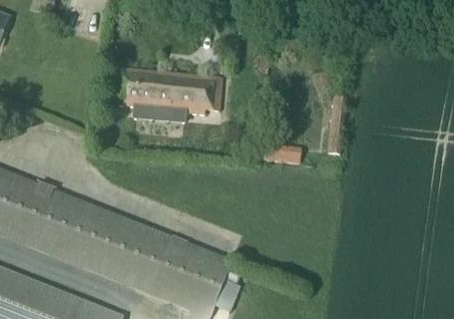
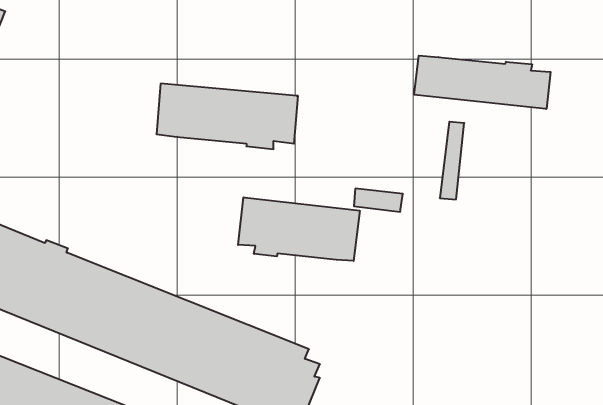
building: none -> [414,56,551,109]
building: none -> [238,197,360,261]

